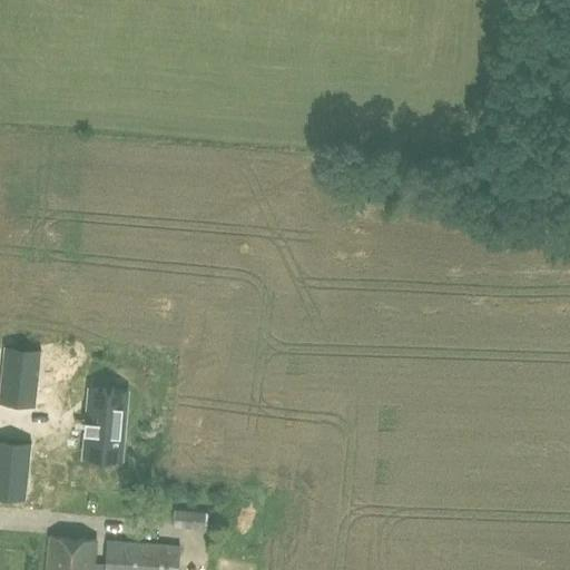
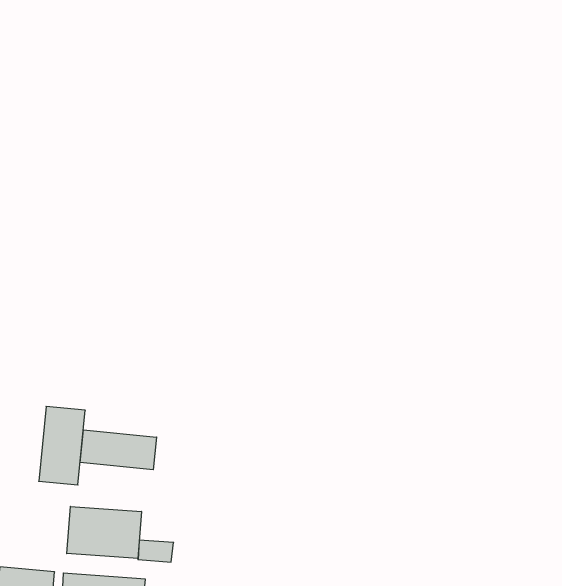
building: none -> [80,430,157,470]
building: none -> [67,506,141,559]

